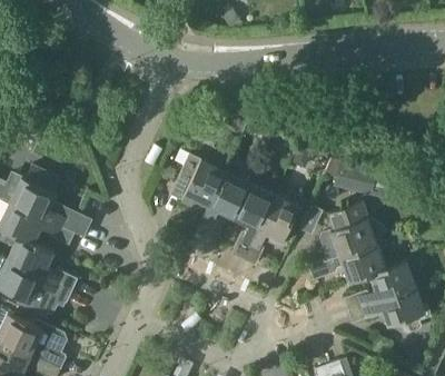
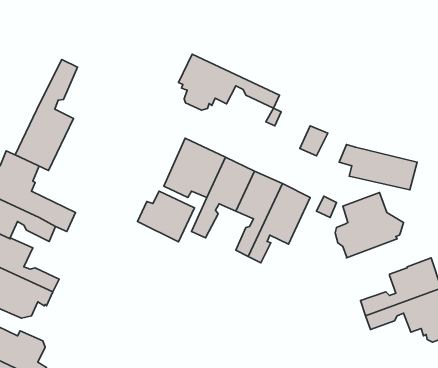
building: none -> [179,54,280,110]
building: none -> [15,60,78,170]
building: none -> [137,191,194,242]
building: [308,243,385,283] -> none

